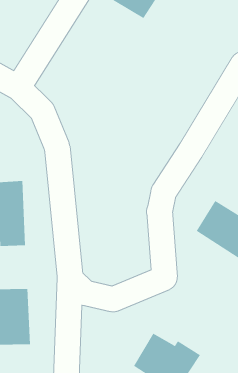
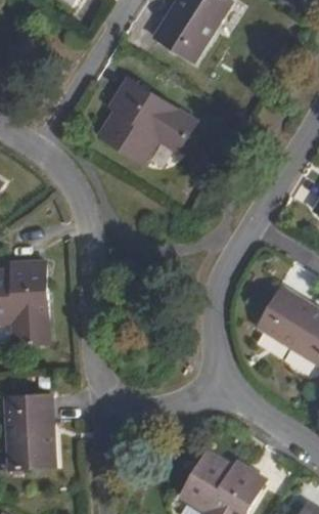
building: none -> [99,79,196,164]

